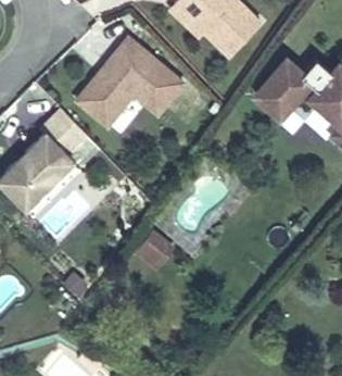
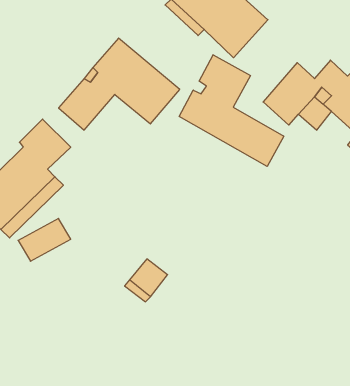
building: none -> [179,55,284,166]

